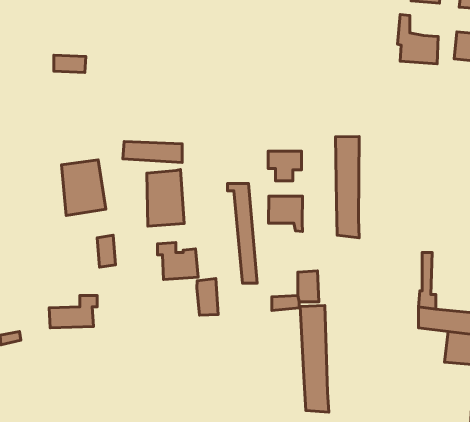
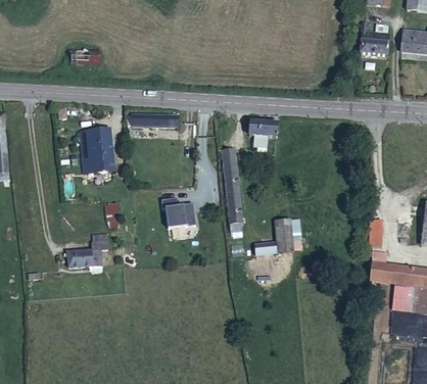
building: [336,137,359,238] -> none
building: [147,169,184,226] -> none
building: [268,196,303,232] -> none
building: [197,278,218,315] -> none
building: [300,305,329,412] -> none

